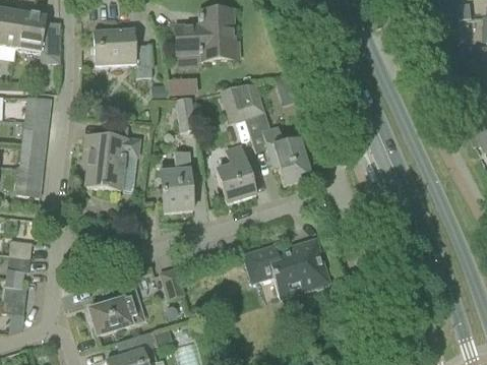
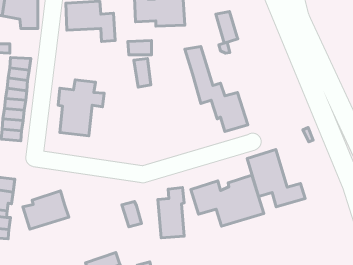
building: [220,86,246,124] -> [216,12,238,43]
building: [217,143,256,202] -> none
building: [161,151,192,211] -> [158,188,184,238]
building: none -> [247,149,305,207]
building: [89,289,144,334] -> [23,191,69,229]

